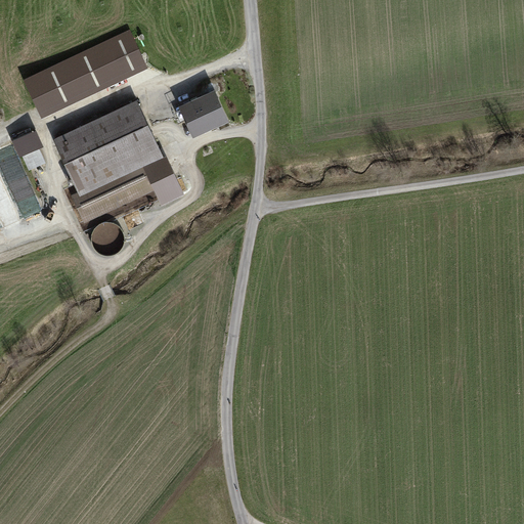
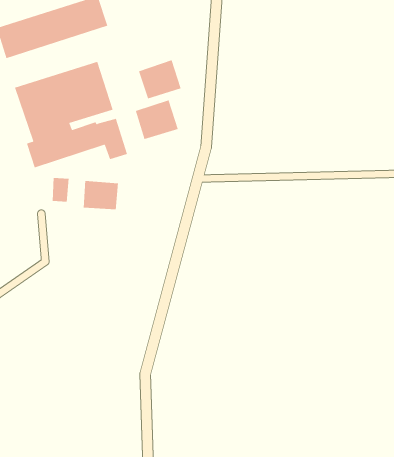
building: none -> [135,99,179,140]
building: none -> [83,180,118,210]

